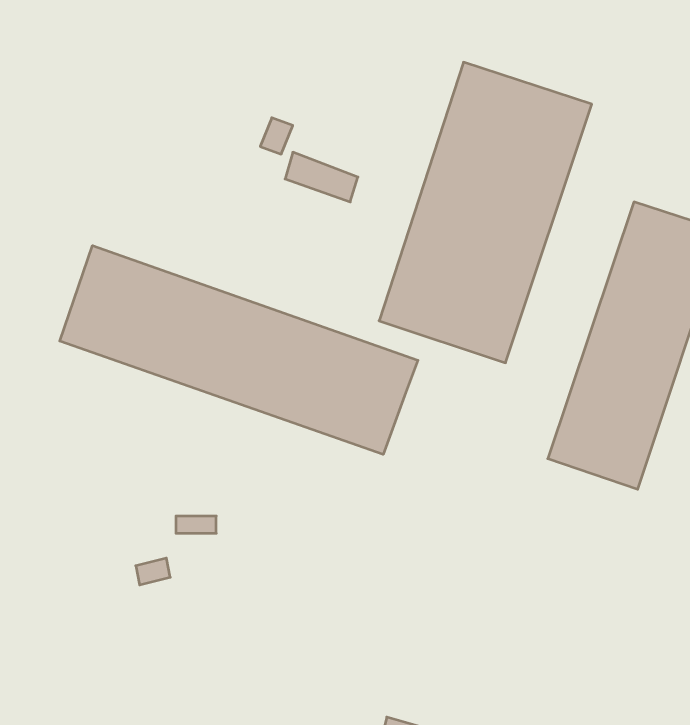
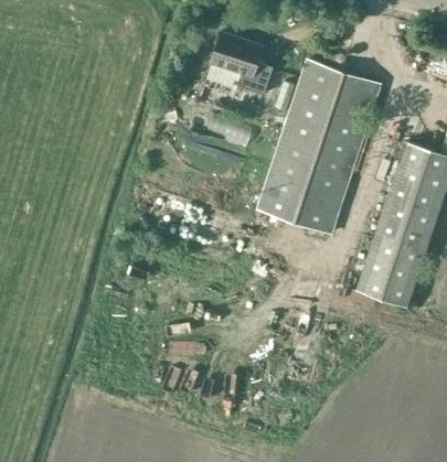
building: none -> [207,31,273,94]
building: [60,246,418,454] -> none

